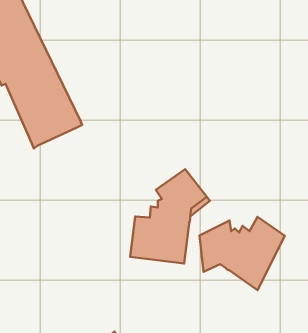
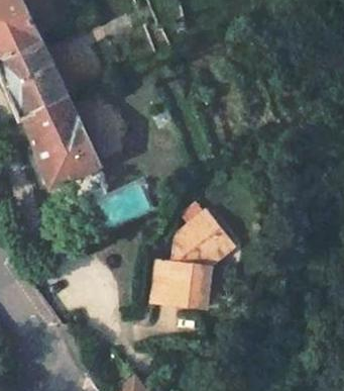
building: [200,217,285,290] -> none

